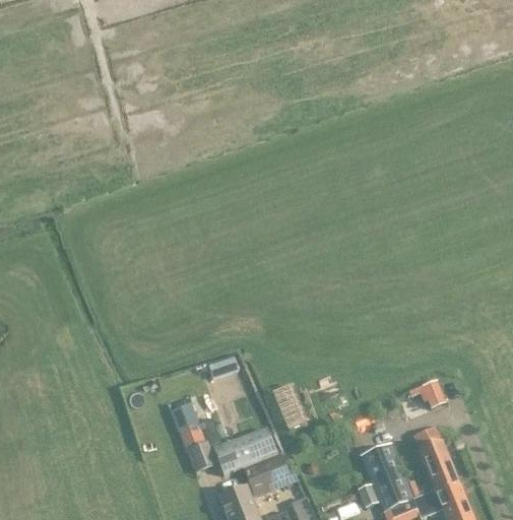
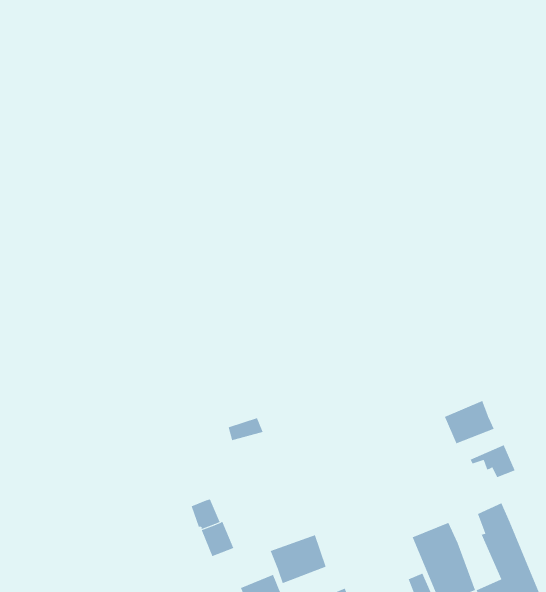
building: none -> [444,400,494,444]
building: [170,401,198,431] -> none
building: [214,427,277,473] -> none

